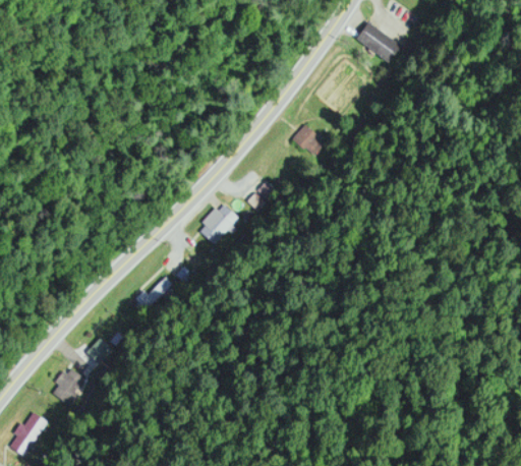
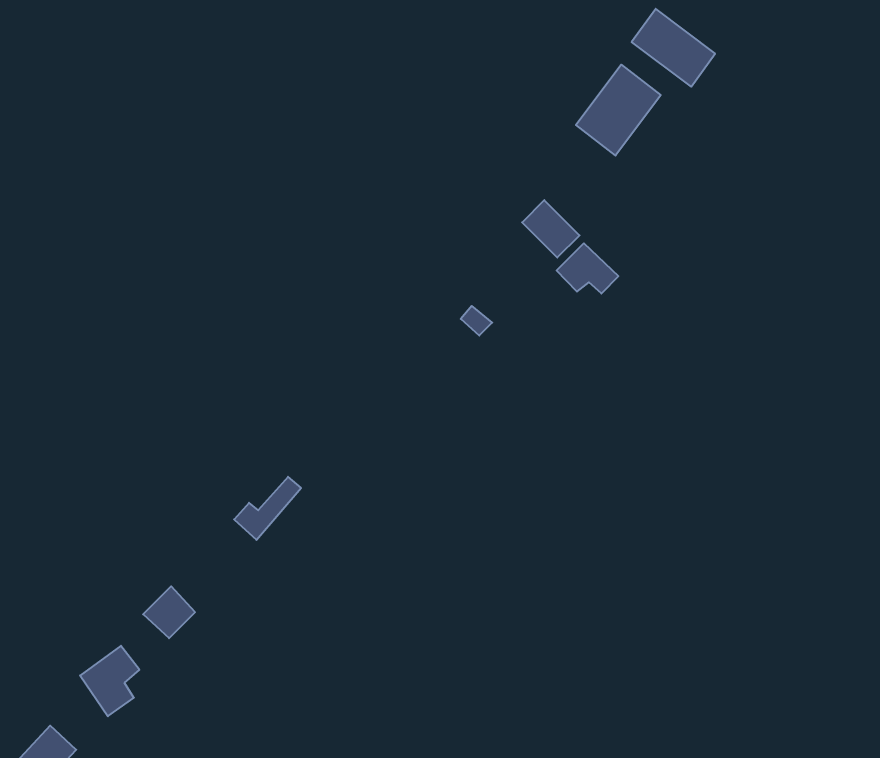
building: none -> [576,65,661,156]
building: none -> [557,243,618,294]
building: [200,205,239,245] -> none

